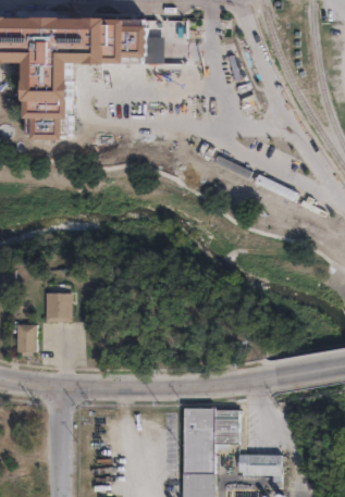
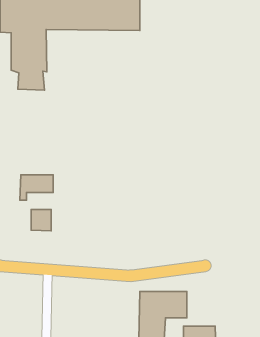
building: none -> [20,175,53,200]
building: [14,332,32,360] -> none

